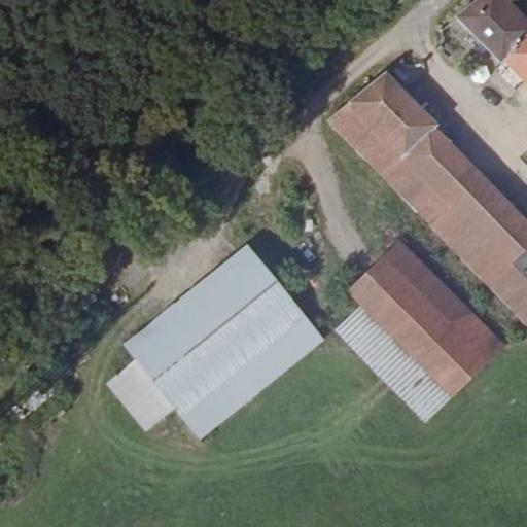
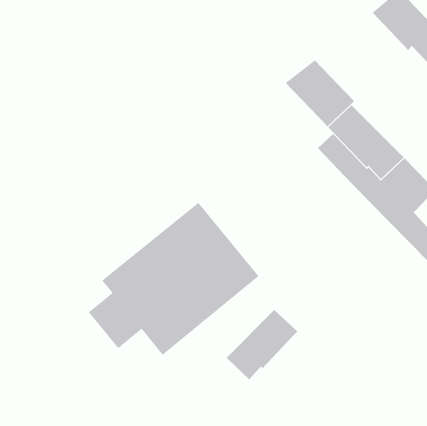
building: [329,102,411,182] -> none
building: [337,241,498,418] -> none
building: none -> [226,309,298,380]

